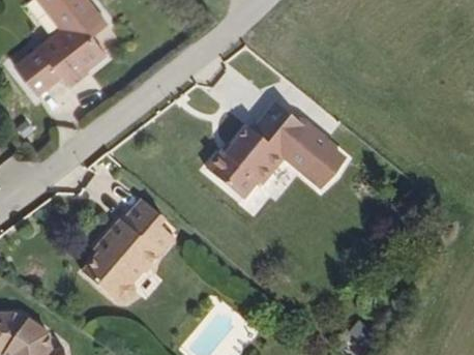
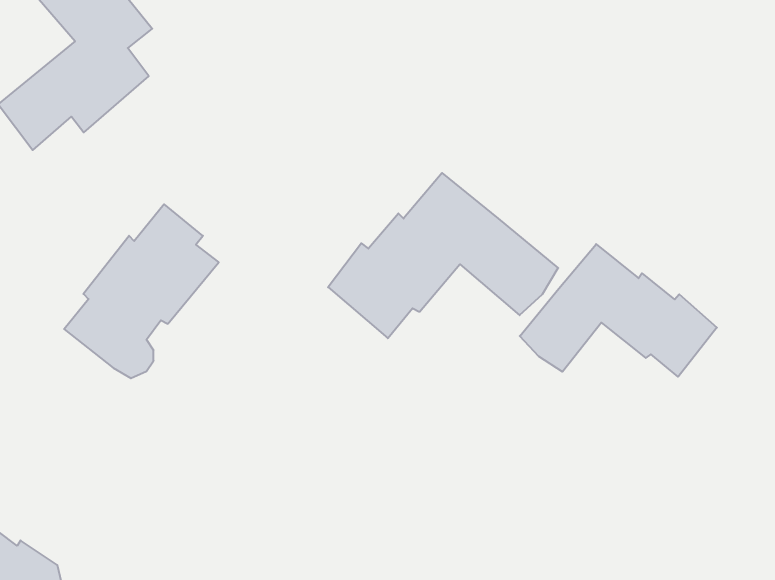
building: none -> [520,244,717,377]
building: [78,205,169,307] -> [64,204,219,378]

